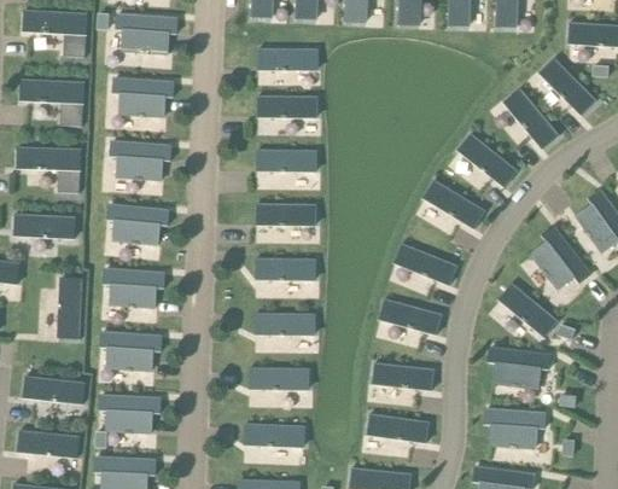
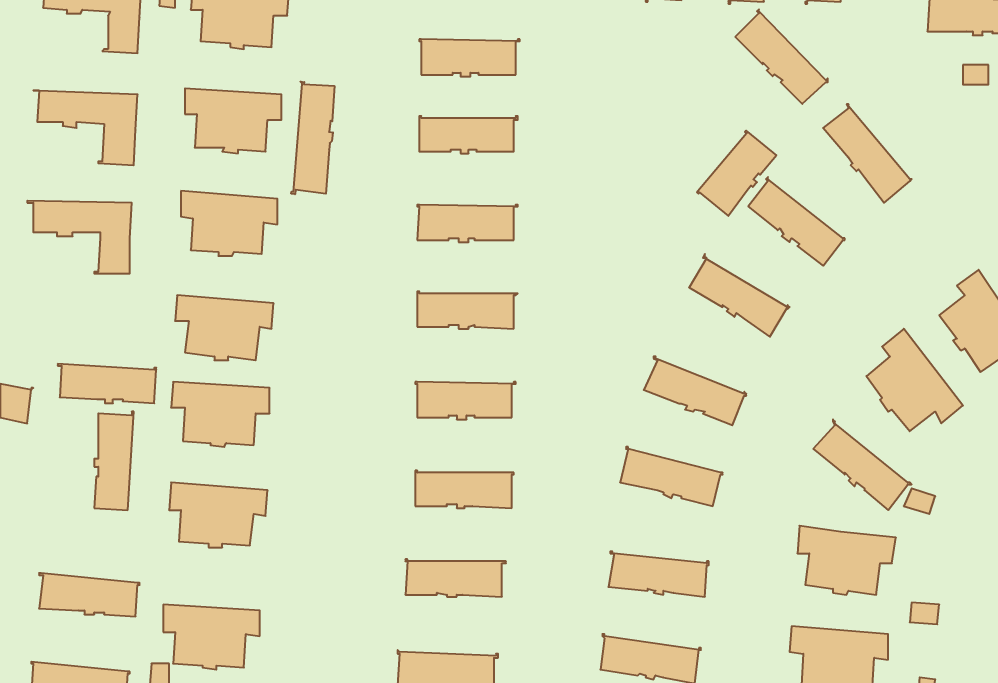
building: [540,57,596,115] -> [735,9,828,104]
building: none -> [291,82,334,194]
building: none -> [697,131,776,216]
building: [14,214,75,238] -> [58,364,156,403]

